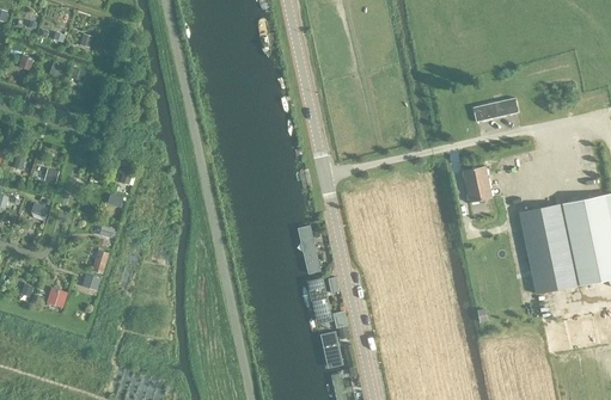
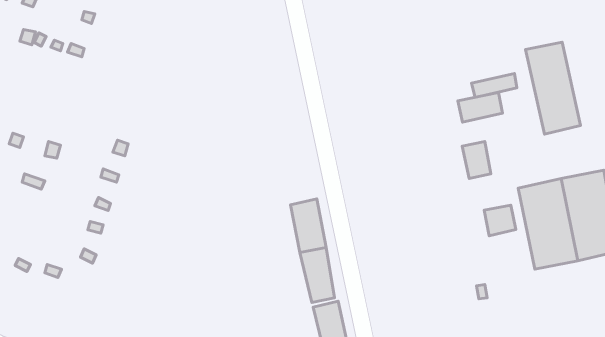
building: none -> [526,42,581,134]
building: none -> [458,93,503,122]
building: none -> [484,205,516,236]

